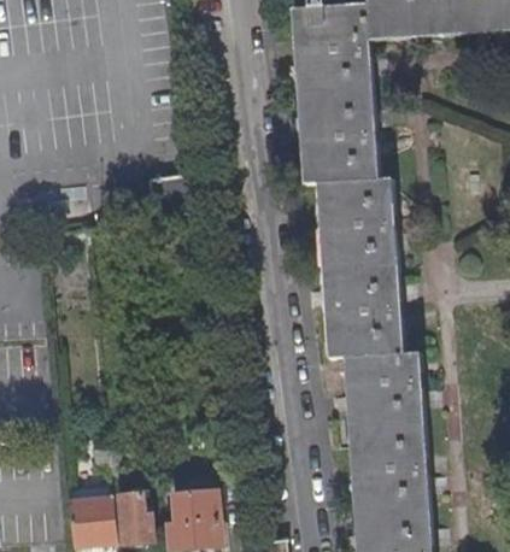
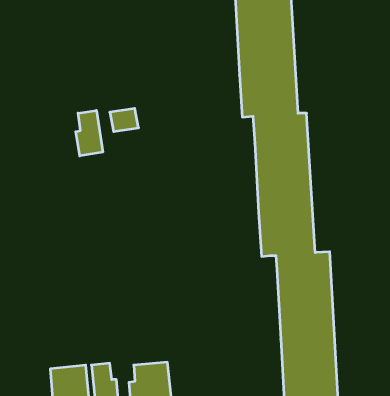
building: none -> [76,110,103,156]

